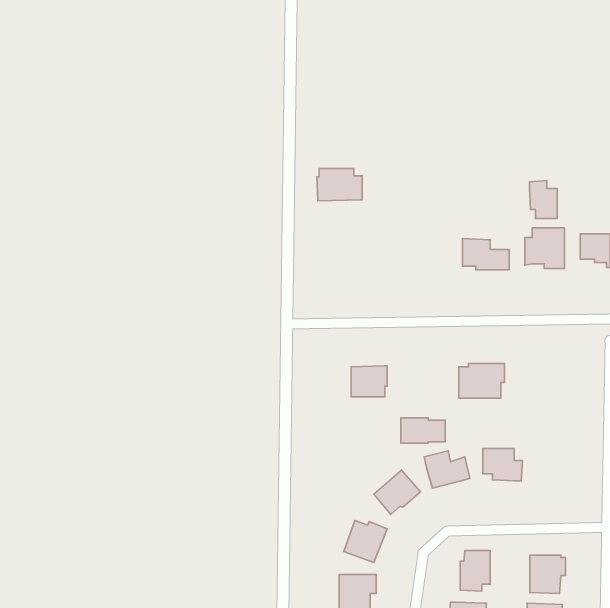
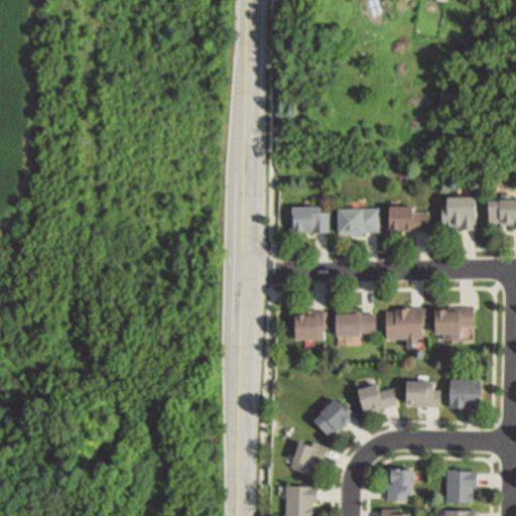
building: [317,169,362,201] -> [288,206,327,233]
building: [529,181,557,219] -> none
building: none -> [338,208,377,235]
building: none -> [435,307,472,338]
building: [401,418,445,443] -> [337,312,374,334]
building: none -> [448,379,481,408]

